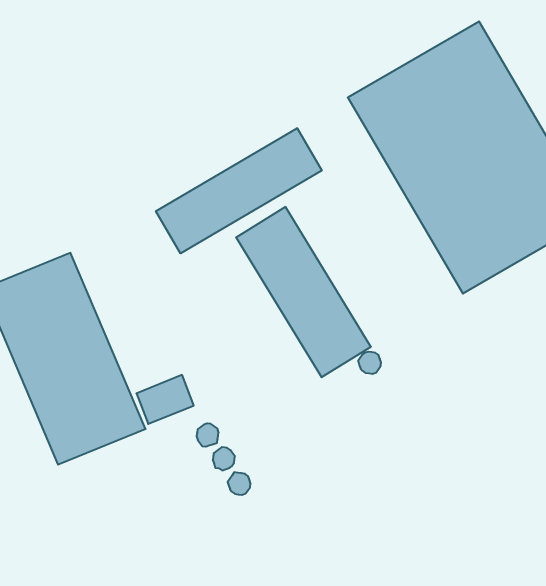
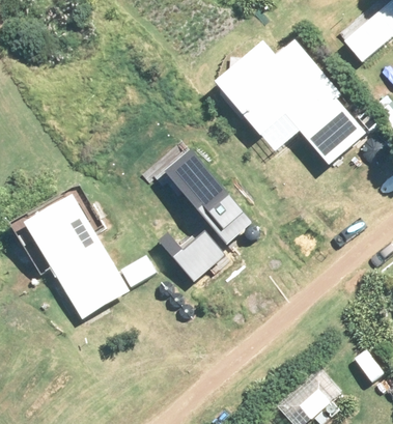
building: [156,128,322,253] -> none
building: none -> [157,231,224,282]

